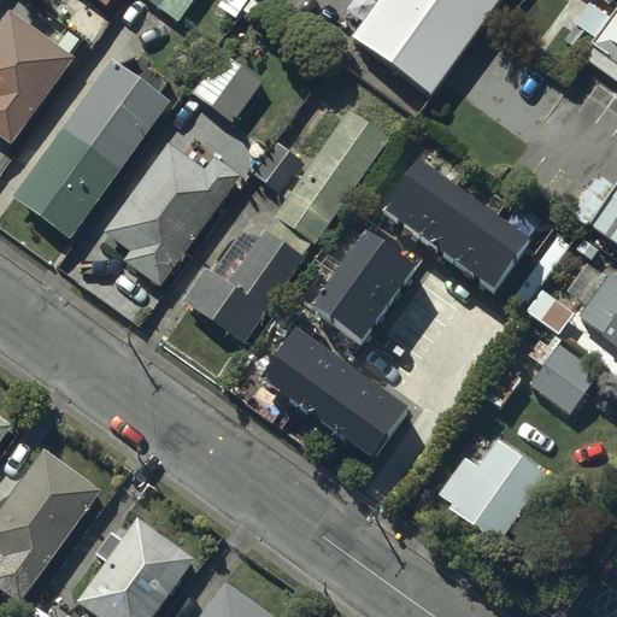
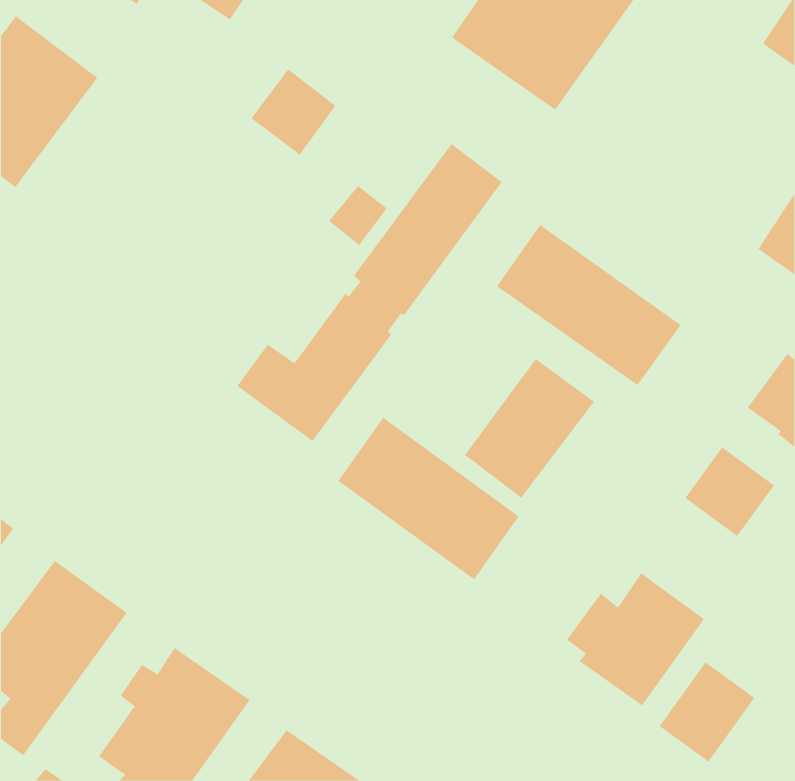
building: [12,64,169,241] -> none
building: [105,142,242,287] -> none
building: [312,234,413,342] -> [464,358,595,498]
building: none -> [659,661,755,763]

